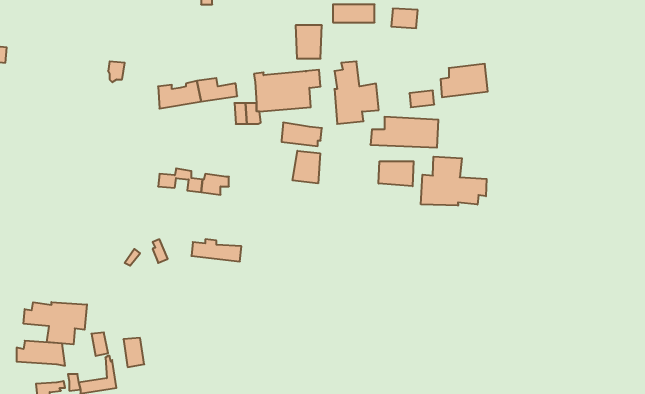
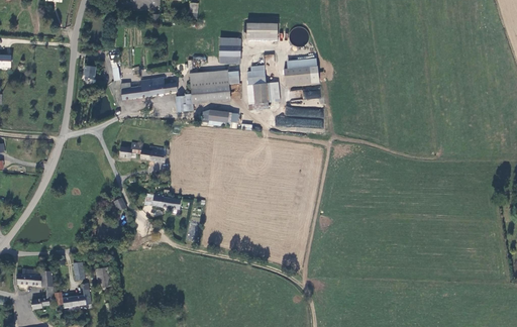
building: [441,64,488,97] -> [285,58,319,82]
building: [293,151,320,183] -> none
building: [421,157,487,206] -> none
building: [379,161,414,186] -> none
building: [24,302,87,344] -> none

